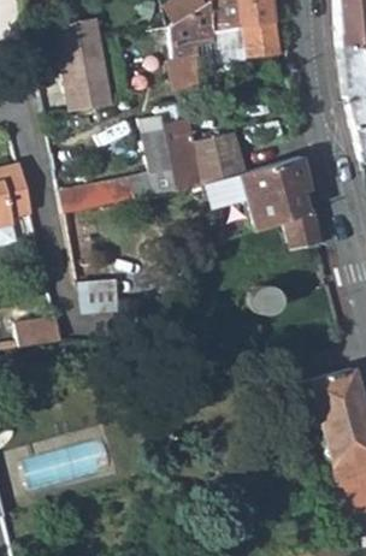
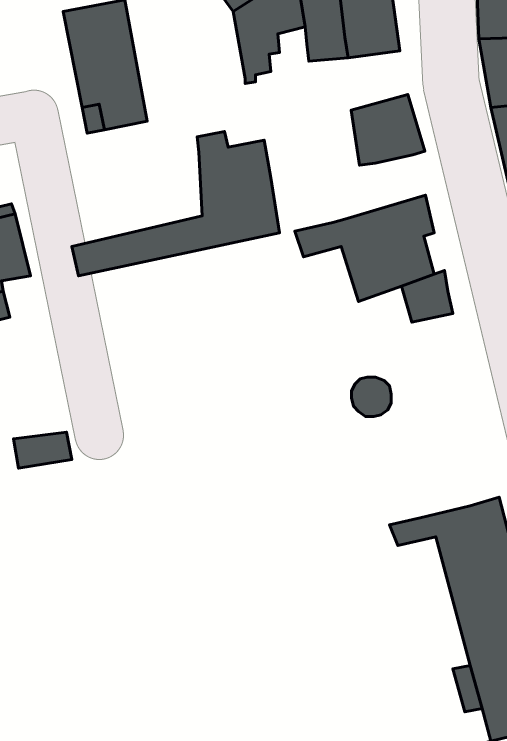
building: [197,134,249,183] -> [351,95,425,165]
building: [77,285,118,319] -> none

